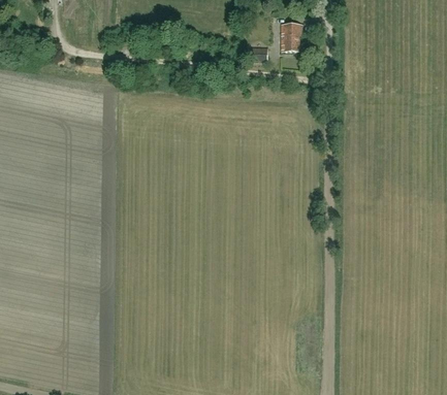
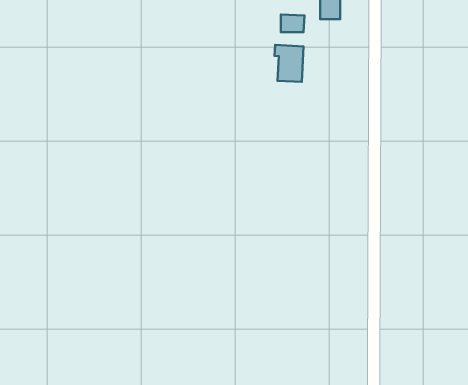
building: none -> [275,45,303,82]

